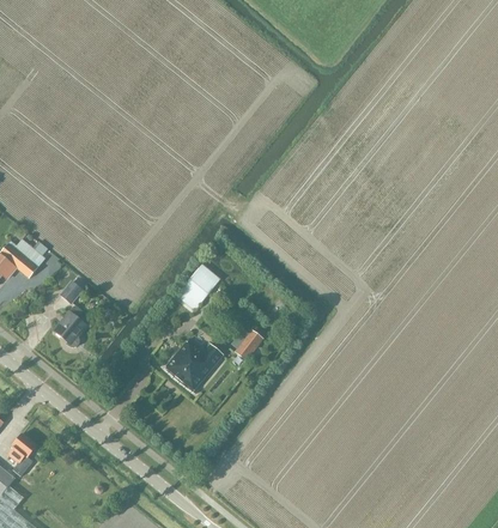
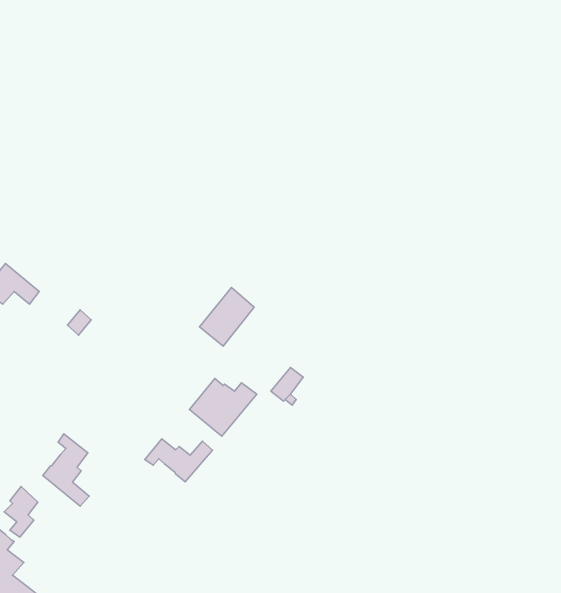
building: [53,307,85,348] -> none
building: none -> [43,434,89,506]
building: none -> [145,439,212,482]

